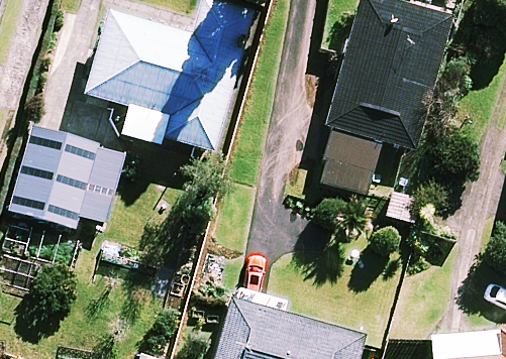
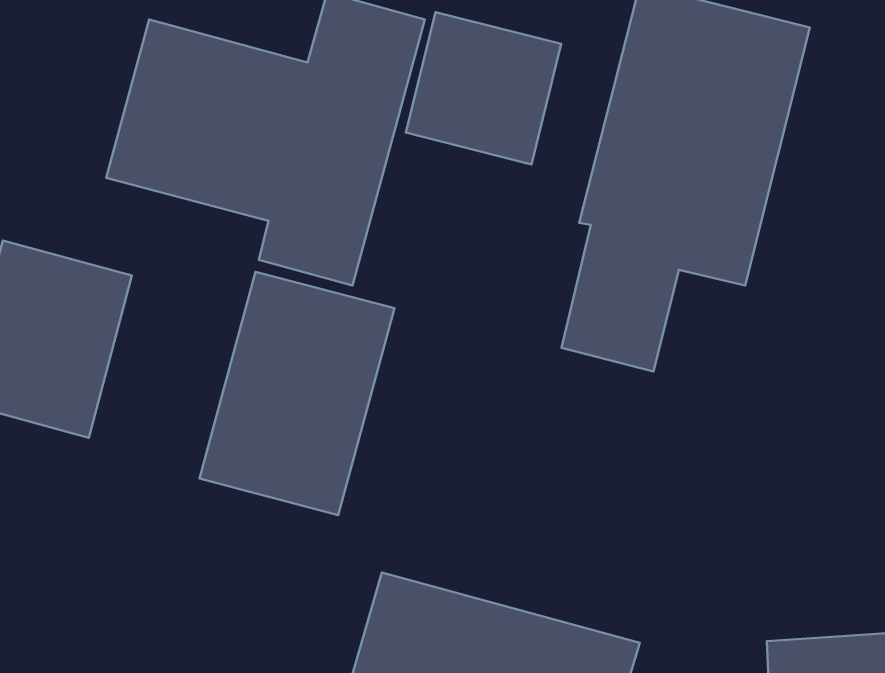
building: none -> [406,12,561,164]
building: none -> [199,272,394,515]

